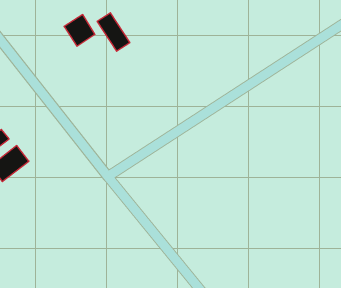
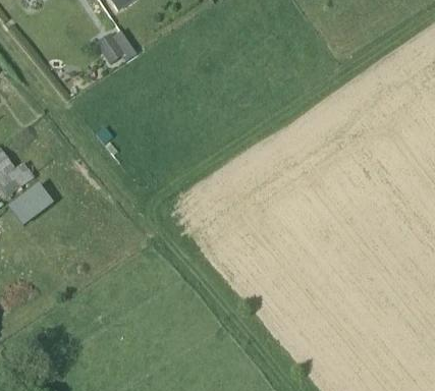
building: [97,13,130,51] -> none

